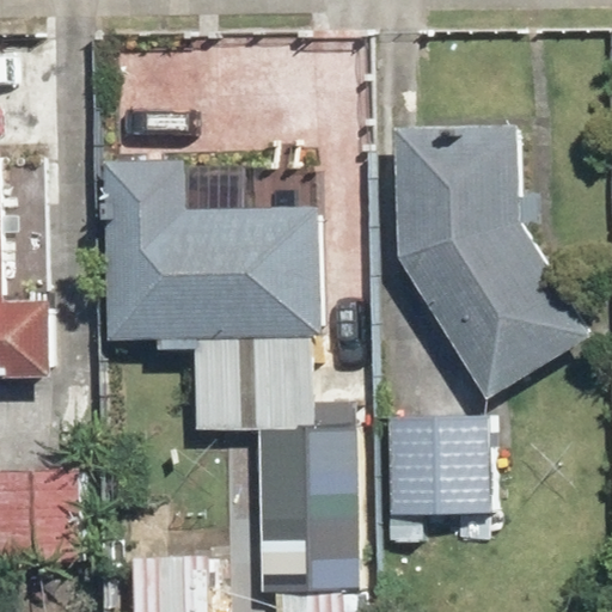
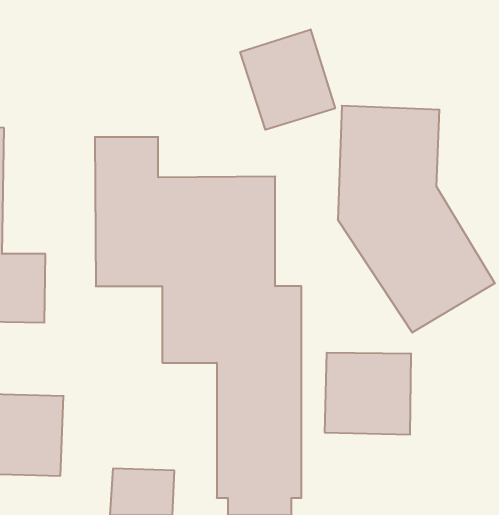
building: none -> [240,29,335,130]

